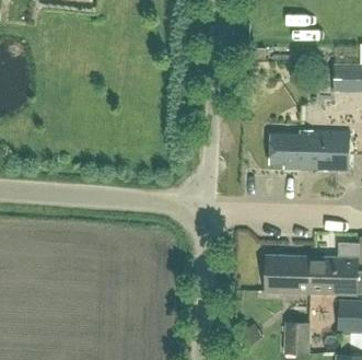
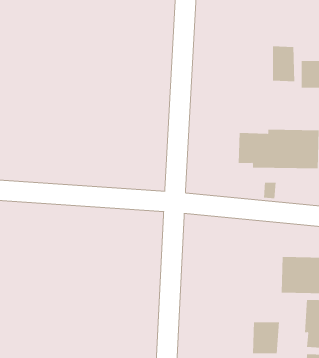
building: none -> [272,45,295,82]
building: [265,255,313,292] -> none

